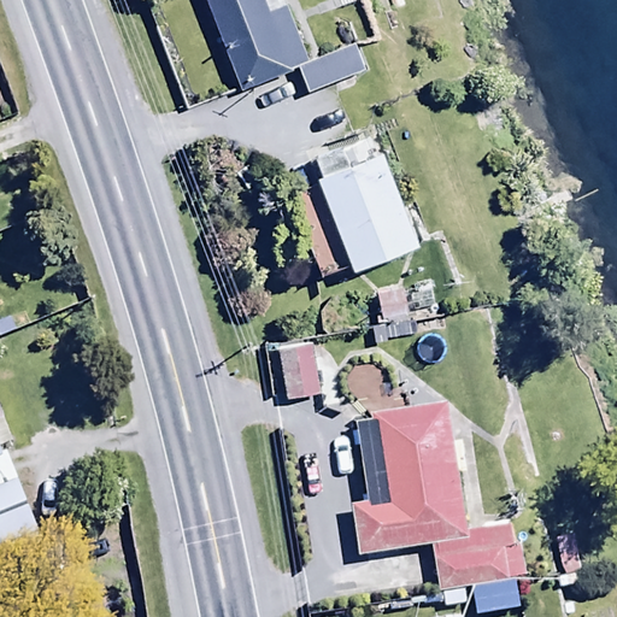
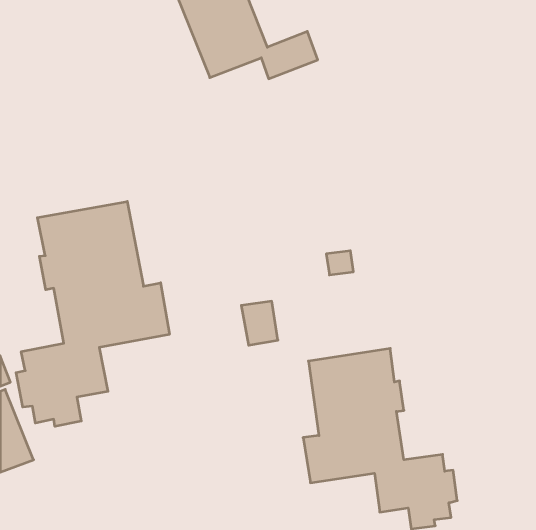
building: [315,134,421,270] -> none
building: none -> [16,201,169,426]

